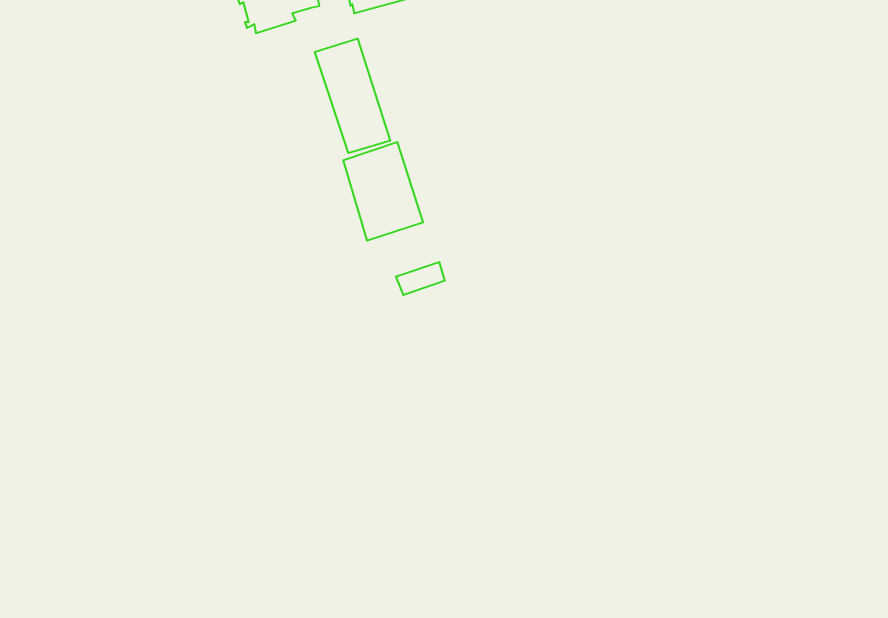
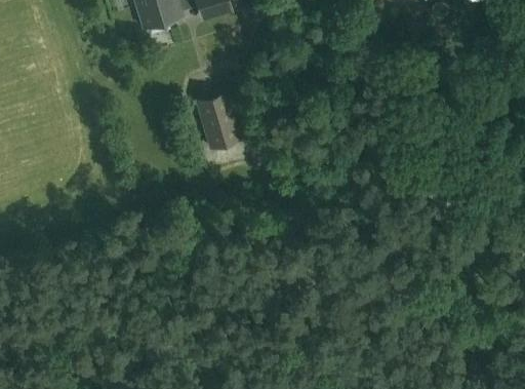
building: [315,39,390,153] -> none

